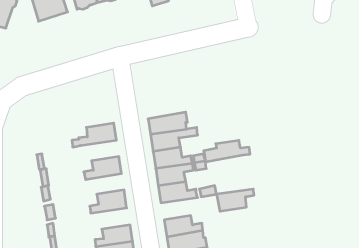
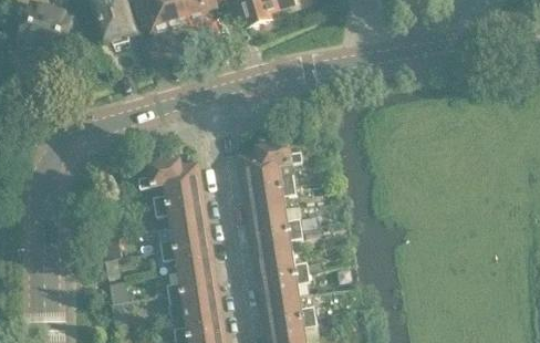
building: none -> [138,158,198,186]
building: none -> [155,199,205,226]
building: [204,140,250,162] -> [240,144,300,172]
building: none -> [162,242,211,269]
building: [216,189,254,211] -> [259,273,308,302]
building: none -> [168,287,219,315]

